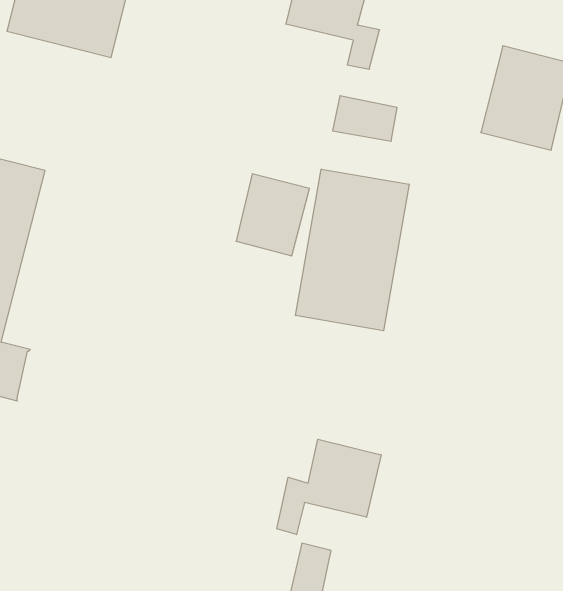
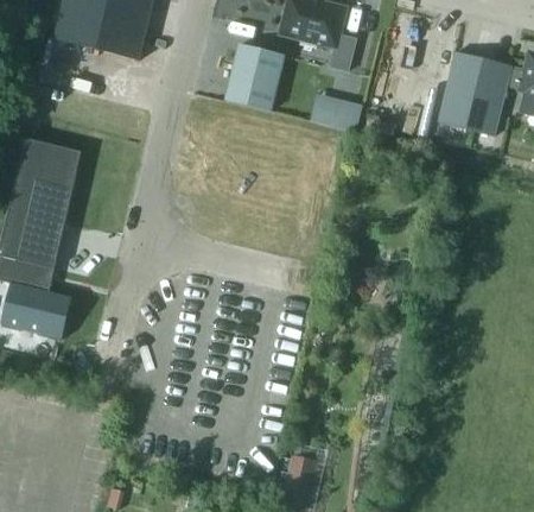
building: [296,169,409,331] -> none
building: [236,174,309,256] -> [223,44,282,110]
building: [277,439,381,535] -> none

